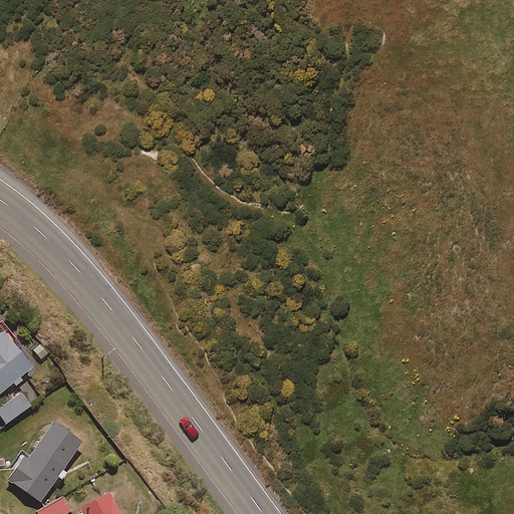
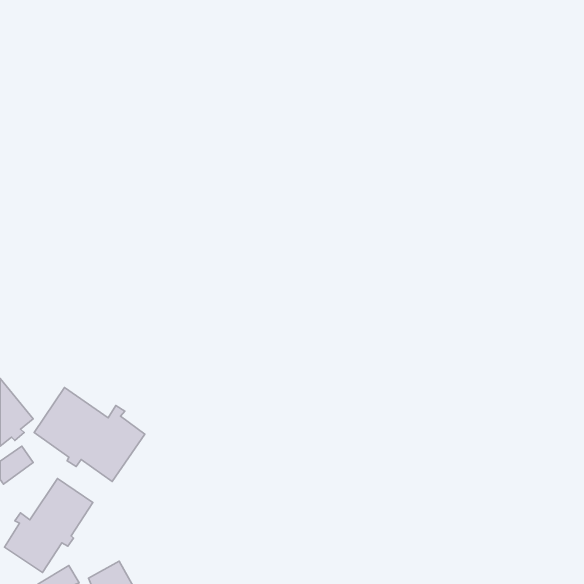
building: none -> [34,388,145,482]

